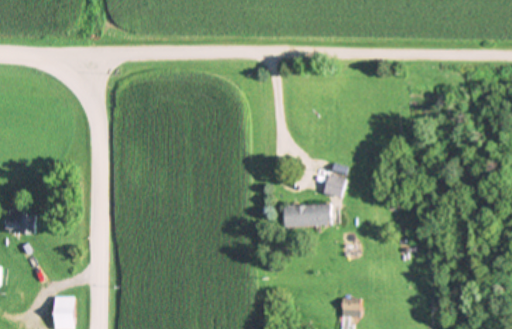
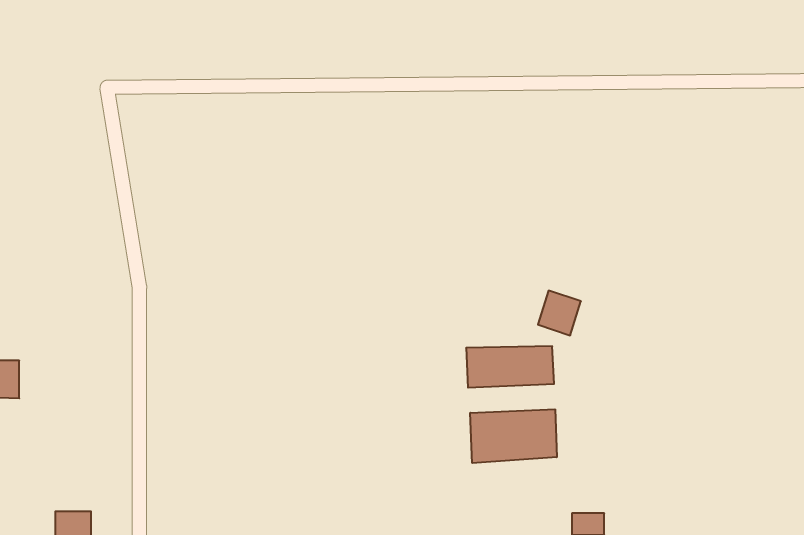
building: none -> [470,409,557,463]

